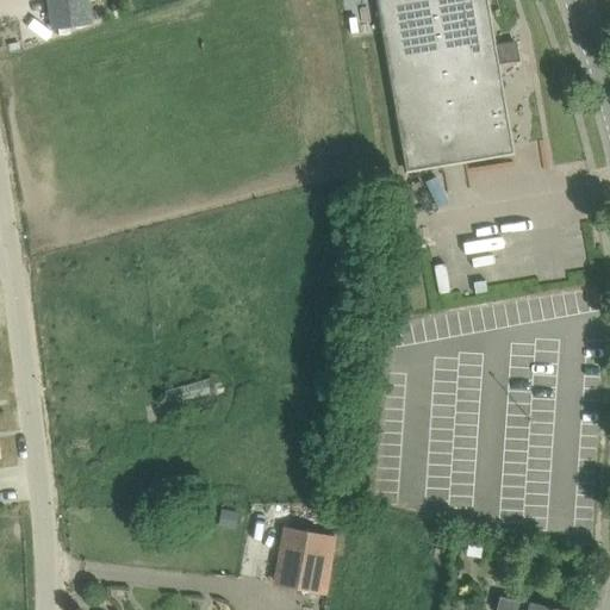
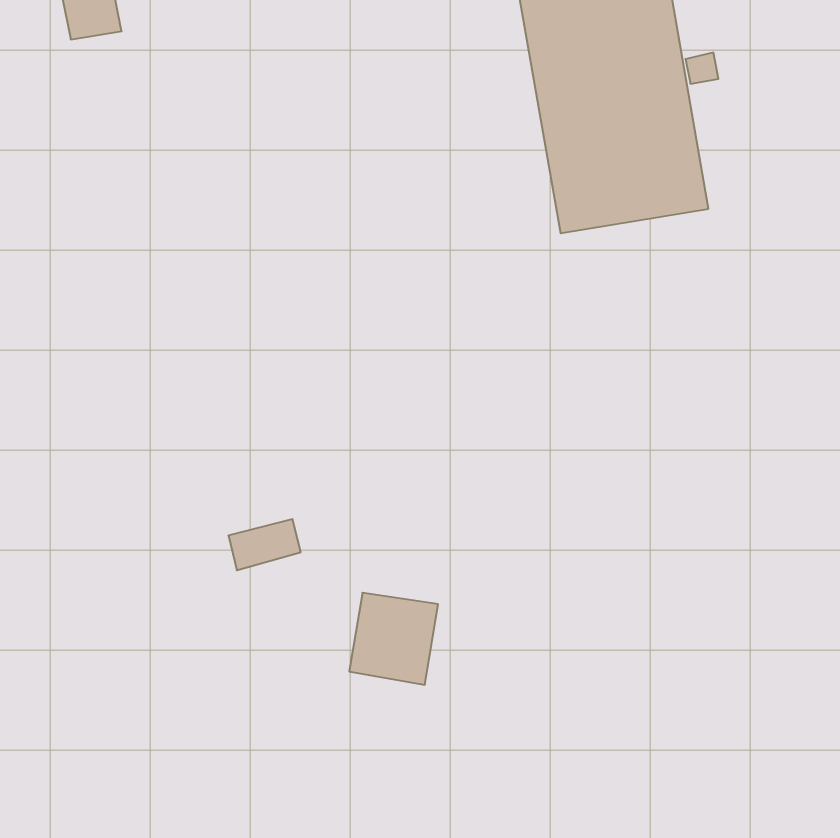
building: [272,527,336,593] -> [349,593,438,685]

